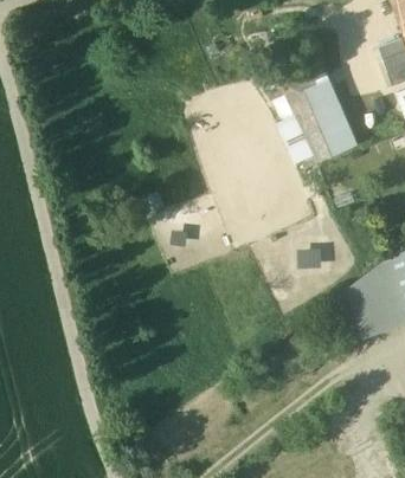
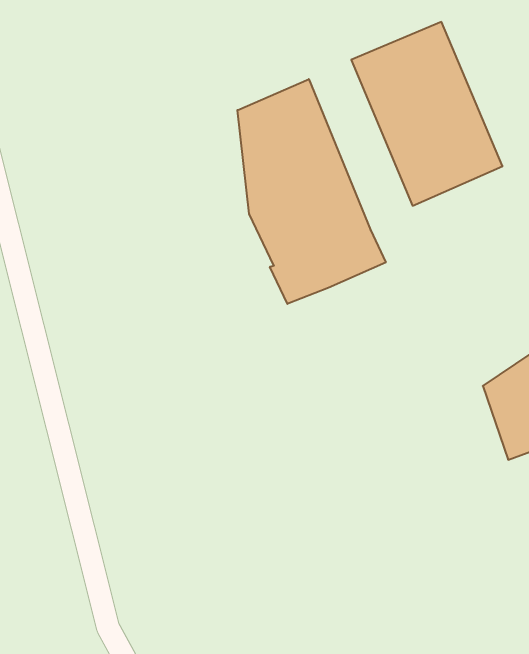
building: none -> [237,79,386,304]

